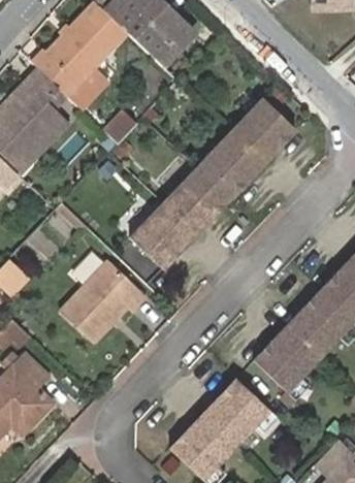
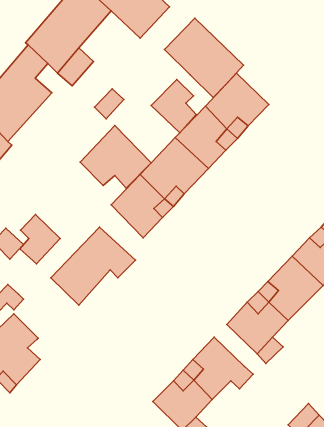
building: none -> [164,18,244,97]
building: none -> [151,80,196,133]
building: none -> [80,126,151,188]
building: none -> [20,214,60,264]

